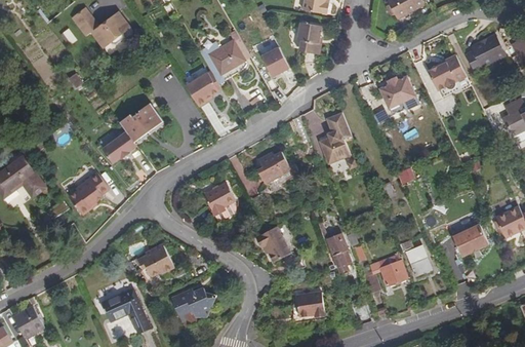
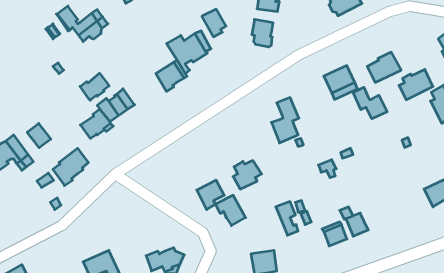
building: [466,38,504,73] -> [399,69,433,100]
building: [260,48,288,80] -> [202,9,226,37]
building: none -> [80,73,109,100]
building: none -> [353,87,387,119]
building: none -> [27,123,51,148]
building: [257,151,290,184] -> [233,161,262,189]
building: [202,180,234,214] -> [197,180,224,210]
building: [454,227,490,259] -> none
building: [138,242,175,273] -> none

